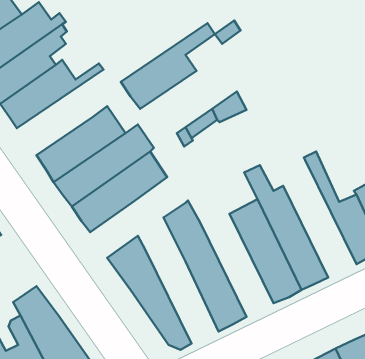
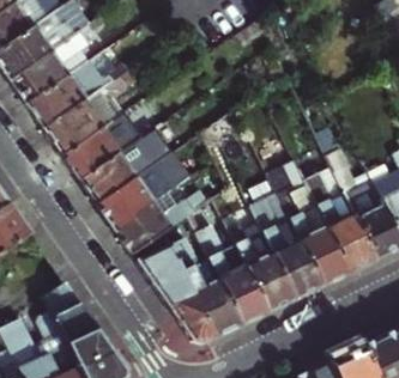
building: [121,23,215,109] -> [47,71,139,154]
building: none -> [303,159,380,274]
building: none -> [119,190,212,255]
building: none -> [226,207,298,312]
building: none -> [173,239,244,339]

